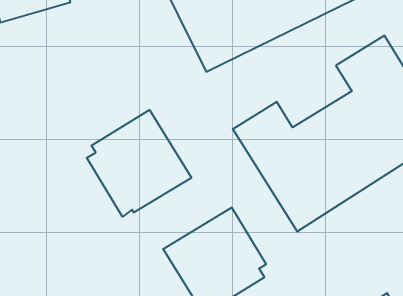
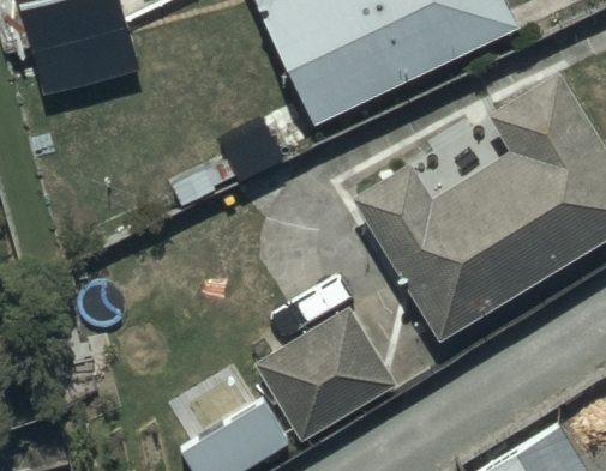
building: [87,110,191,217] -> none

